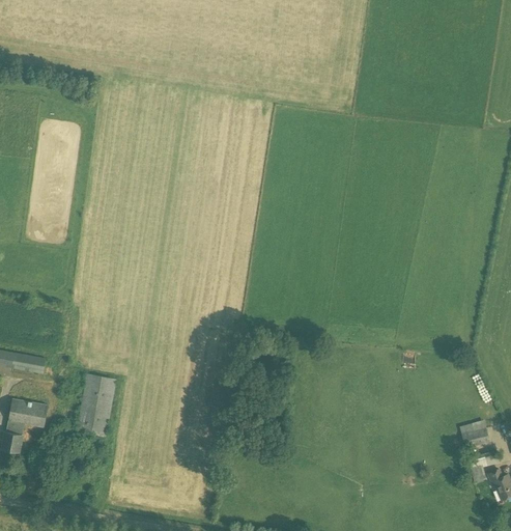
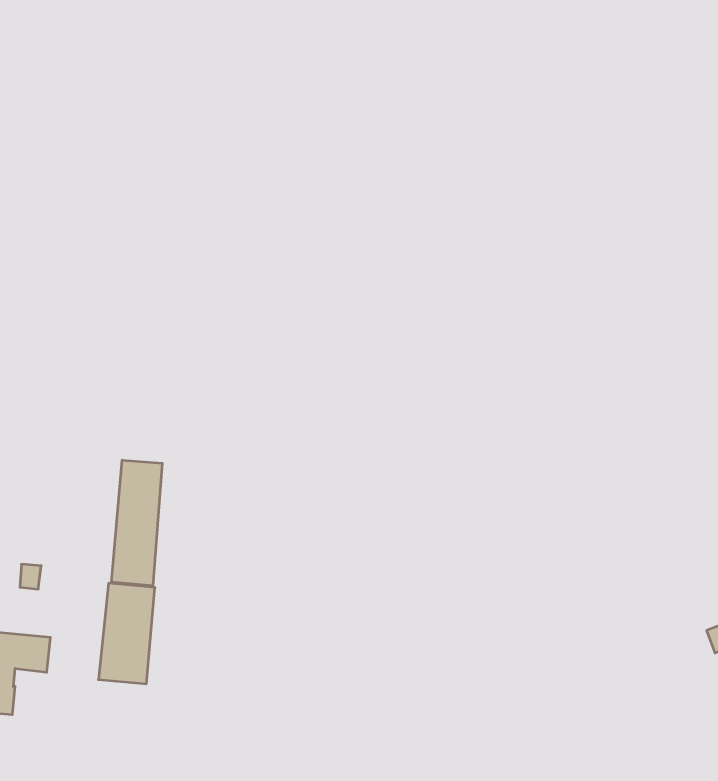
building: none -> [111,460,162,586]

